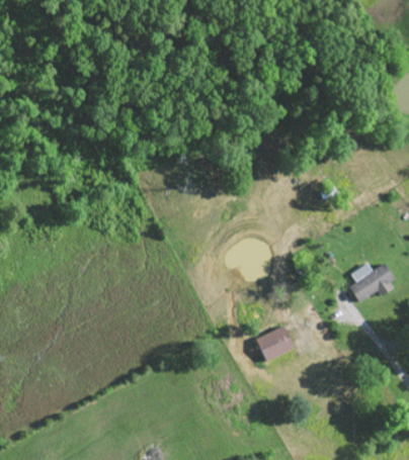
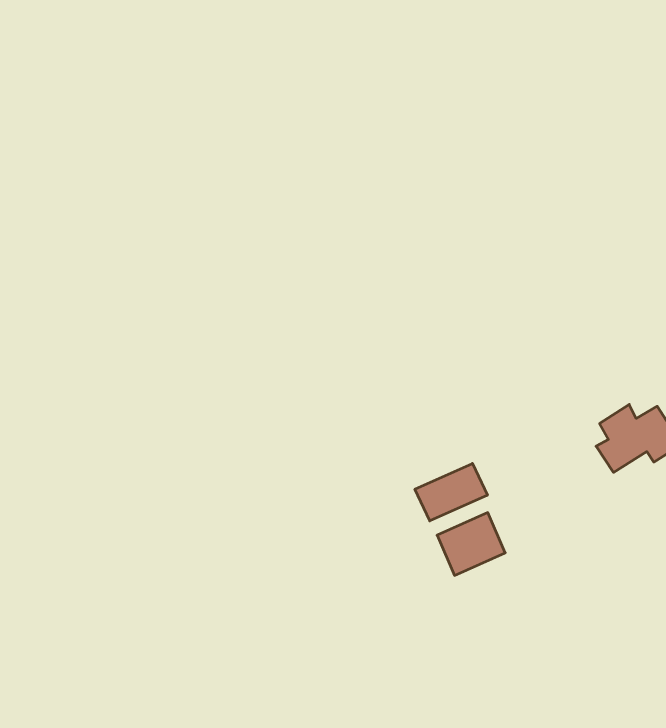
building: none -> [415,463,487,521]

